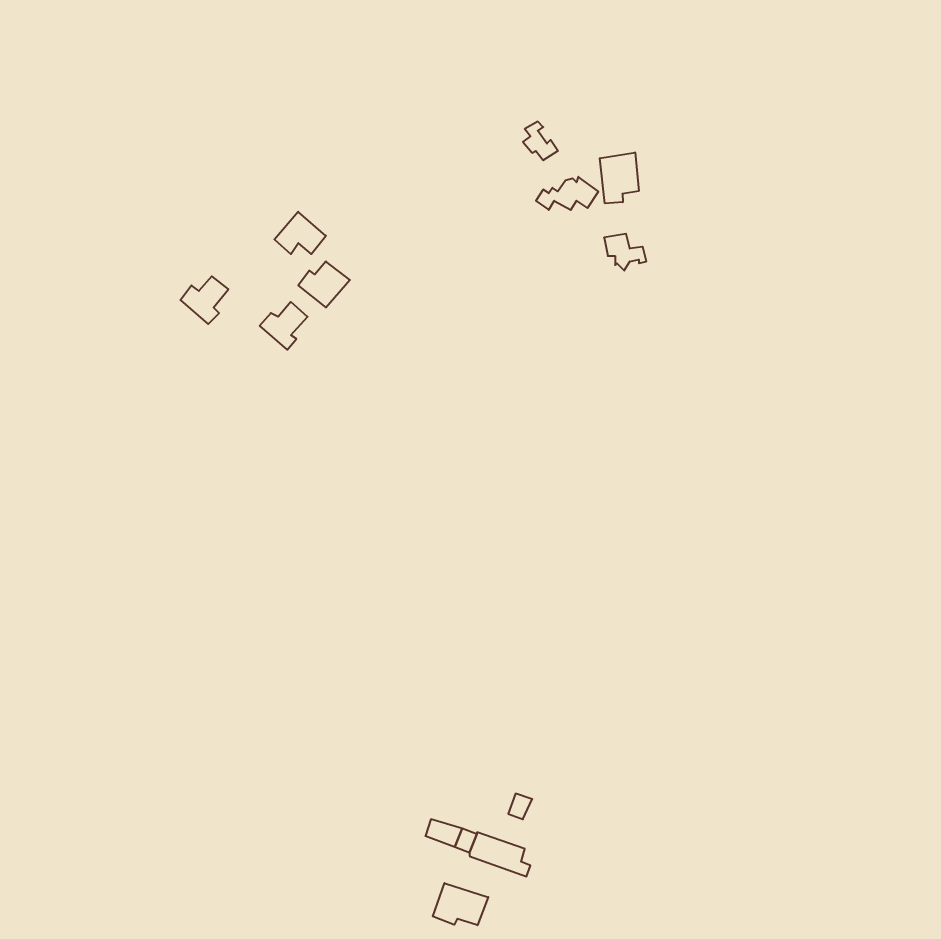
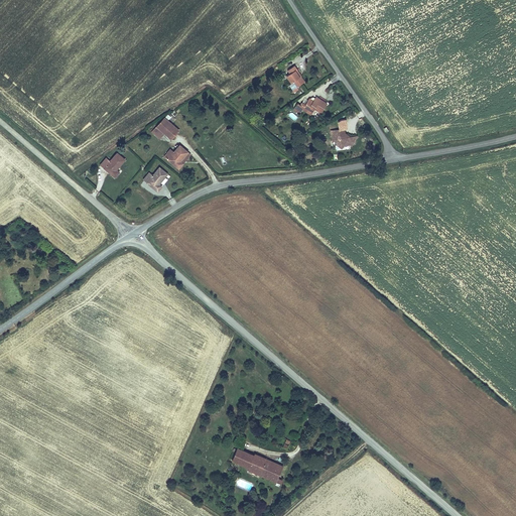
building: [600,152,639,203] -> none
building: [433,883,488,925] -> none

